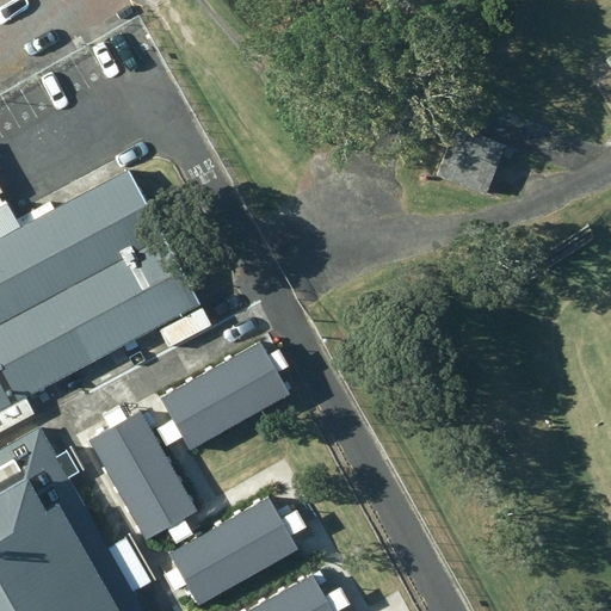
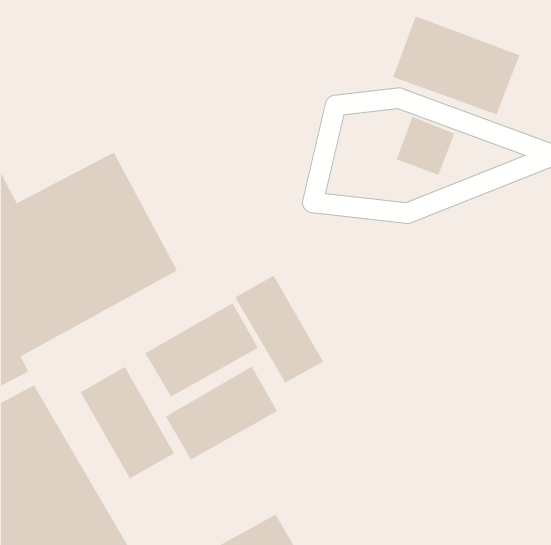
building: none -> [392,15,520,115]
building: none -> [235,275,324,384]
building: [169,498,295,603] -> [165,366,278,461]

